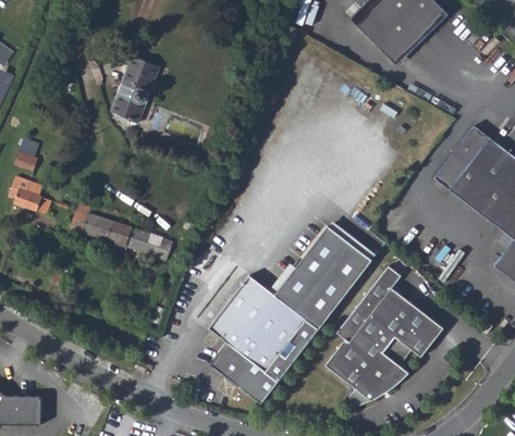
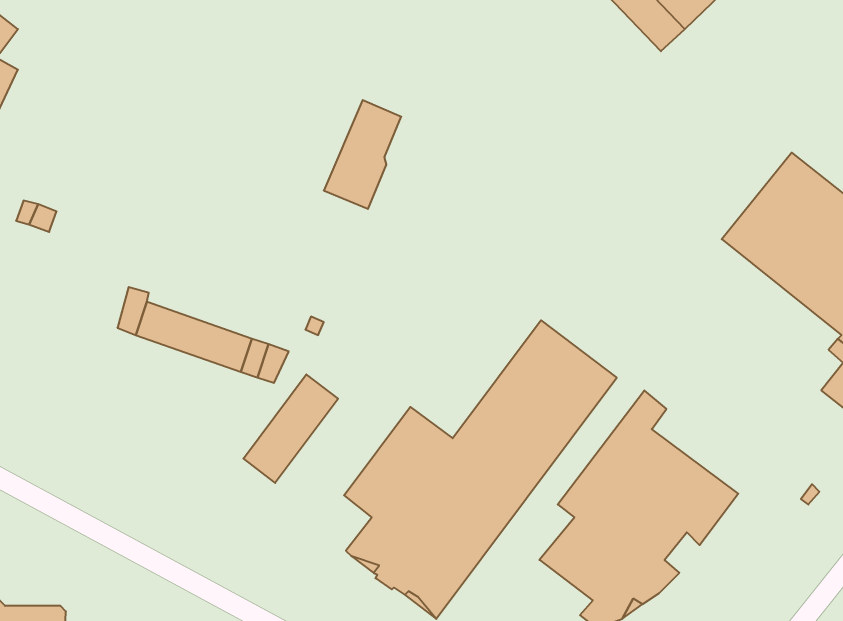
building: [114,59,160,123] -> [324,100,401,209]
building: [11,176,53,215] -> none
building: none -> [243,374,338,483]

